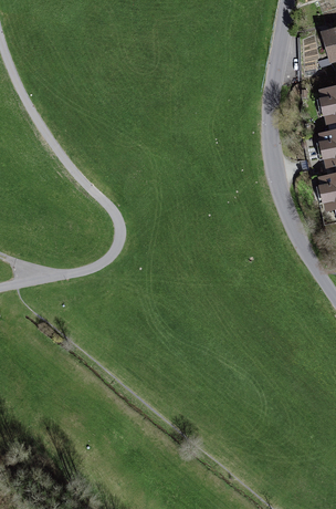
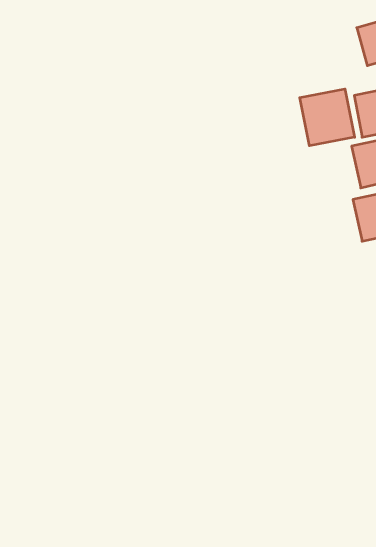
building: none -> [300,89,355,146]

